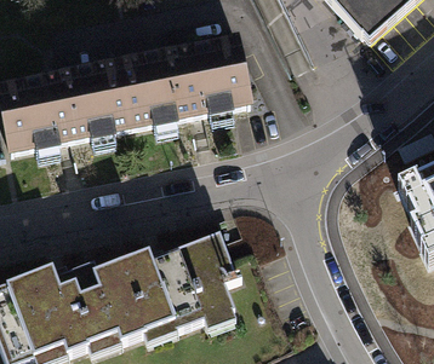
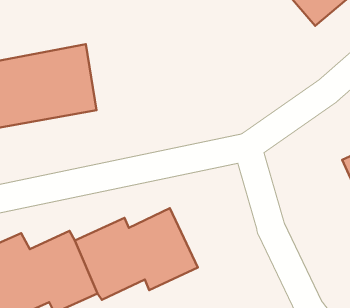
building: [110,37,247,132] -> none

